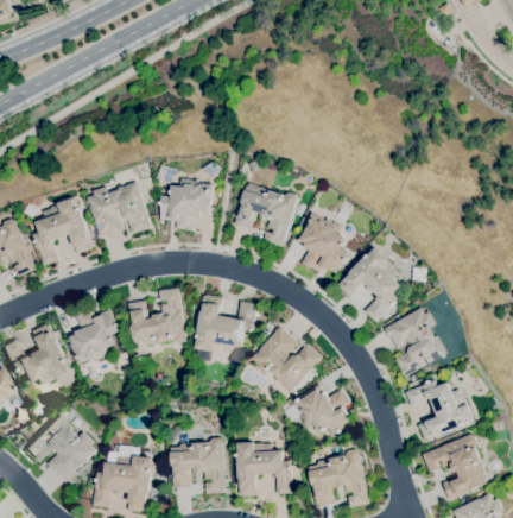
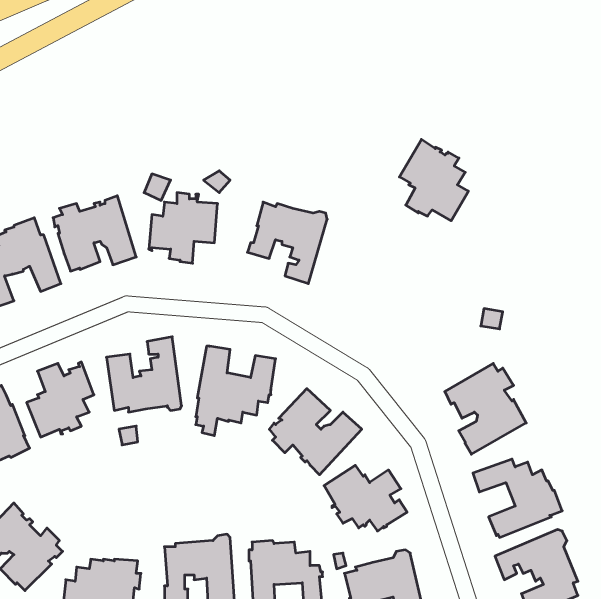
building: [297,213,349,274] -> [399,139,468,221]
building: [338,247,400,322] -> none

